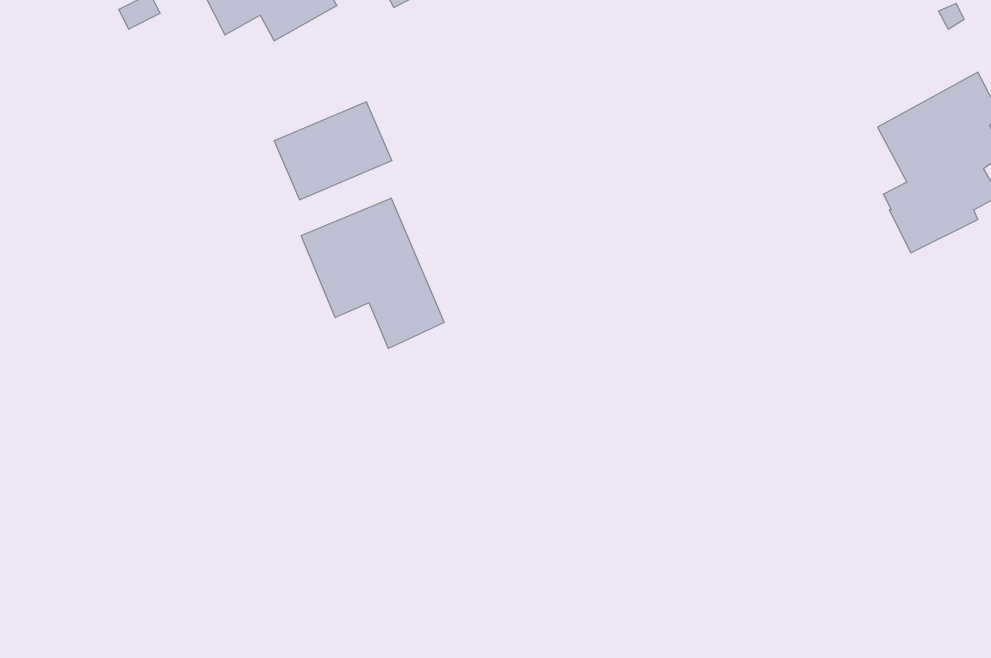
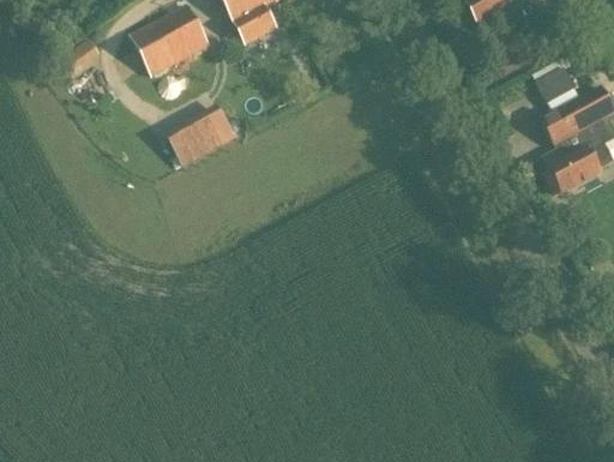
building: none -> [537,66,576,102]
building: [301,198,444,349] -> none

